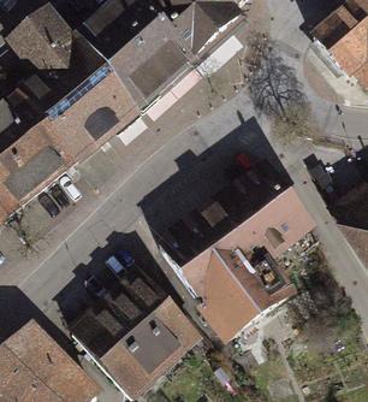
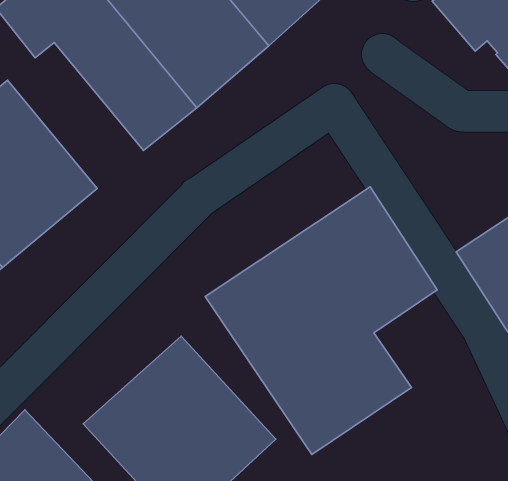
building: [17,61,112,164] -> none

